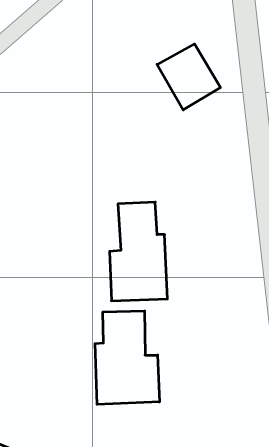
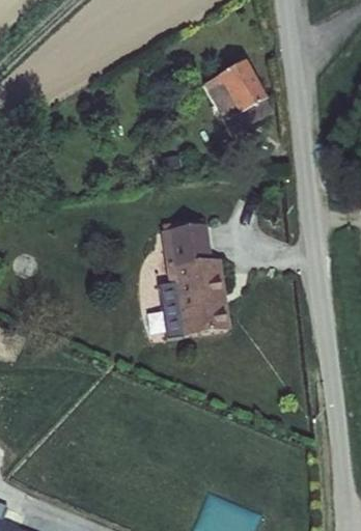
building: [95,311,159,404] -> none

